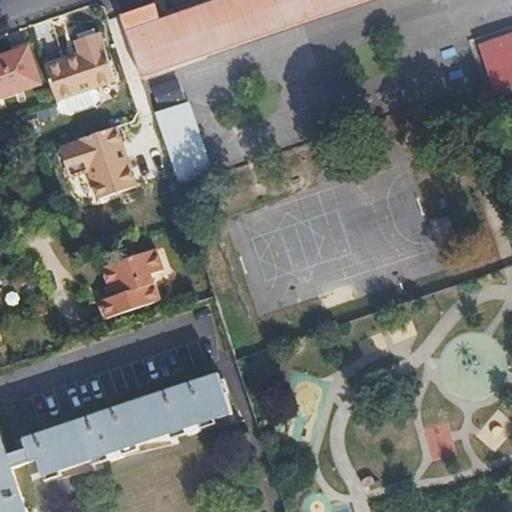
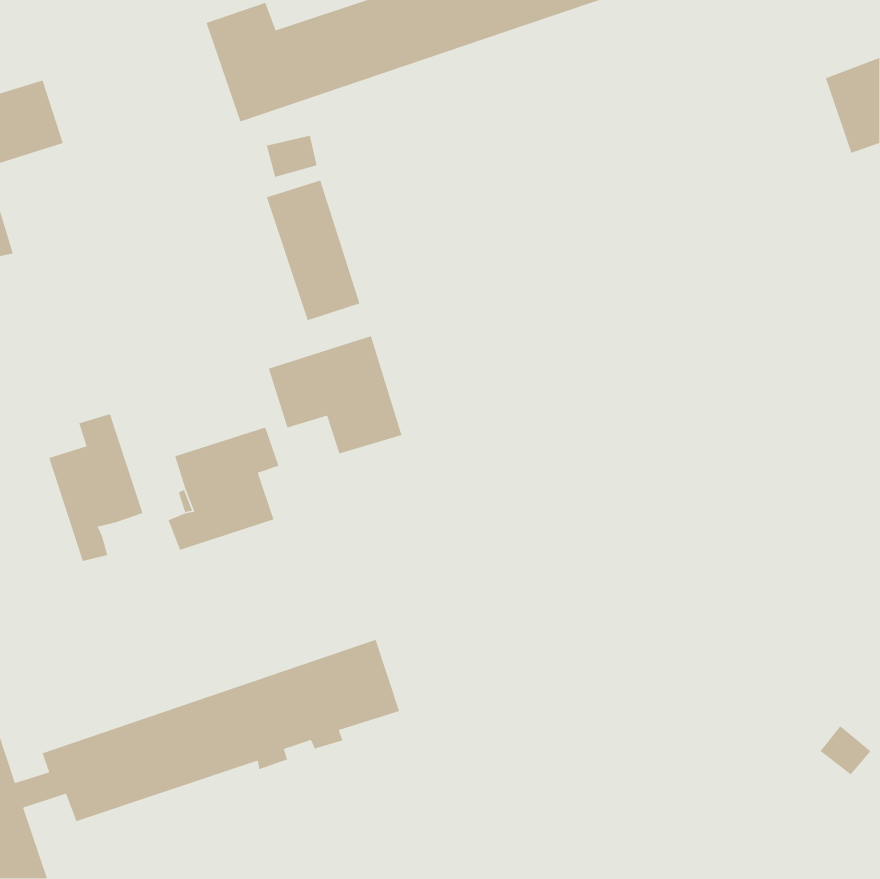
building: [45,30,113,102] -> none
building: [62,126,140,195] -> [268,335,403,454]
building: none -> [48,413,144,562]

